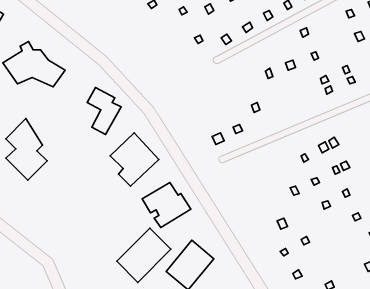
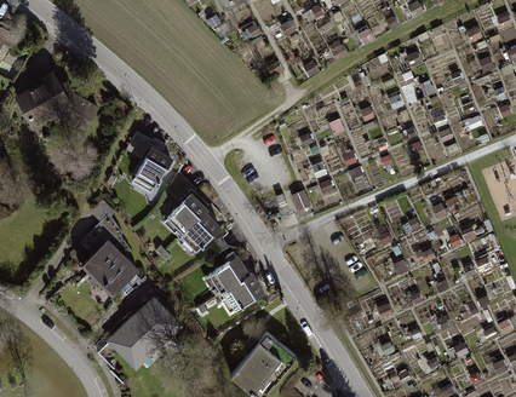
building: [6,119,47,180] -> [81,214,136,295]
building: [117,228,171,282] -> [109,298,180,369]

